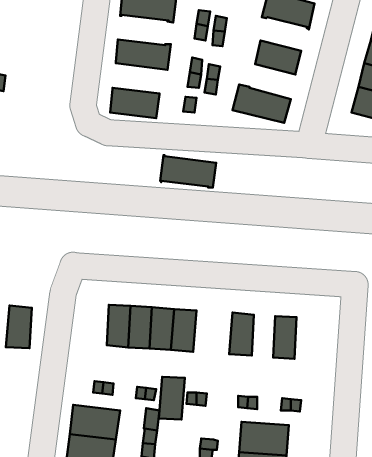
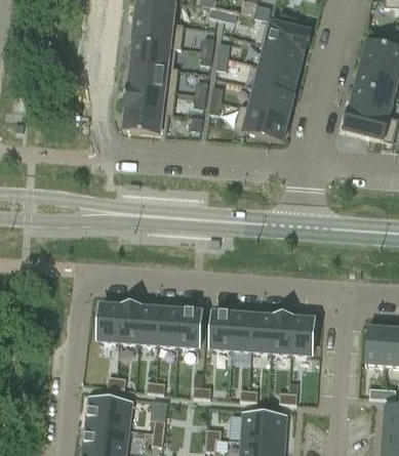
building: none -> [129,40,175,68]
building: none -> [260,42,303,73]
building: none -> [249,85,292,117]
building: [160,155,216,188] -> [123,83,174,113]
building: [6,306,32,348] -> [97,302,121,341]
building: none -> [251,314,273,353]
building: none -> [290,316,314,355]
building: [159,377,185,420] -> [210,310,234,349]

